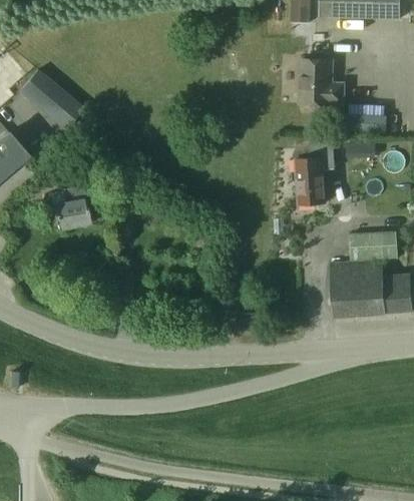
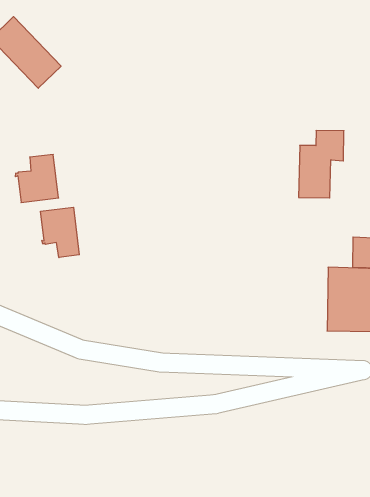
building: [299,59,343,104] -> none
building: none -> [41,207,79,258]

